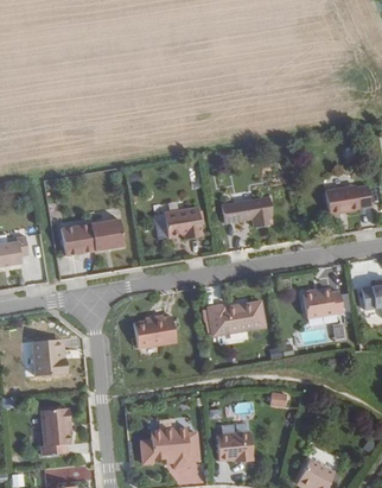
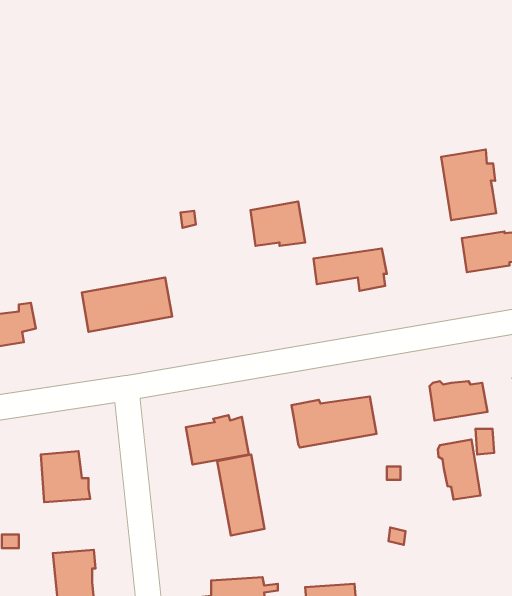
building: none -> [441,150,496,220]
building: [164,207,202,237] -> [251,202,305,246]
building: none -> [438,440,481,499]
building: none -> [217,455,265,535]

